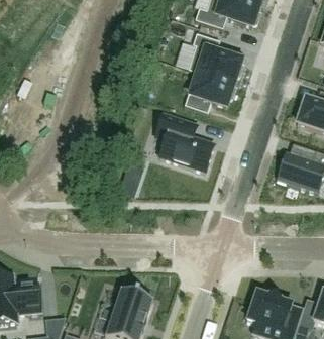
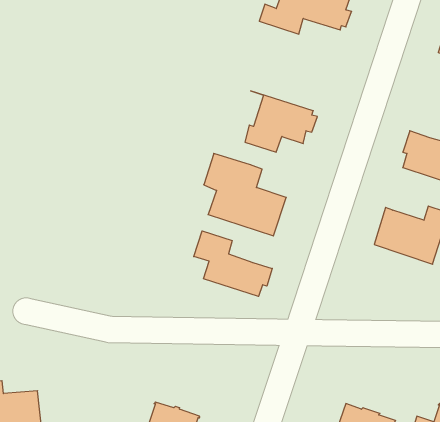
building: [189,33,243,83] -> none
building: none -> [194,231,272,296]

